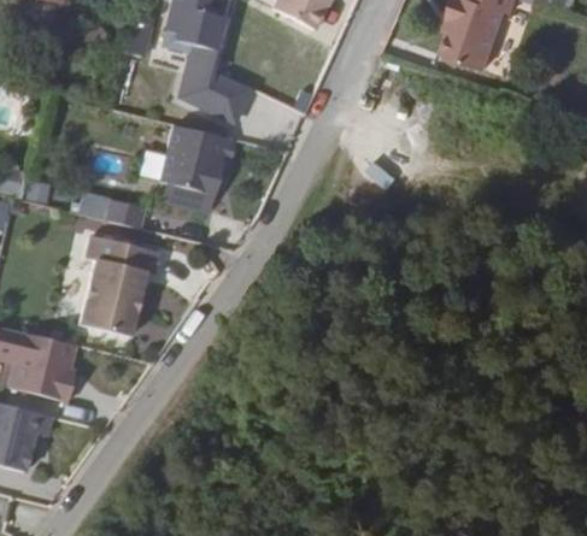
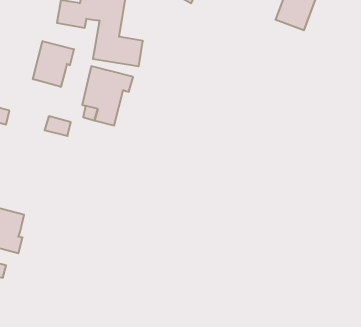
building: none -> [33,41,74,87]
building: [74,235,155,341] -> none

